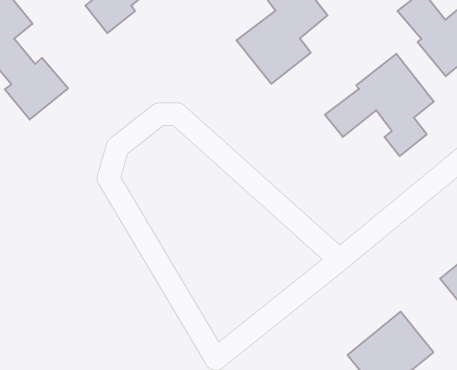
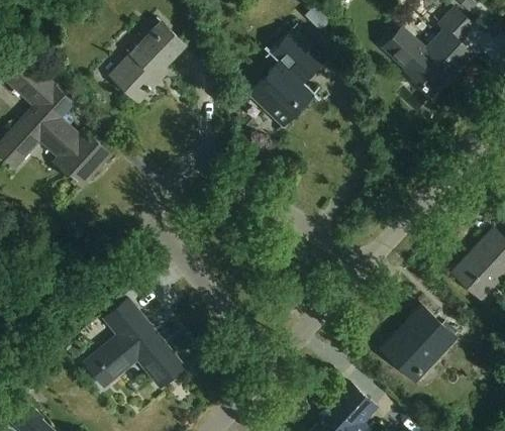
building: [325,54,434,156] -> none
building: none -> [84,299,184,387]

